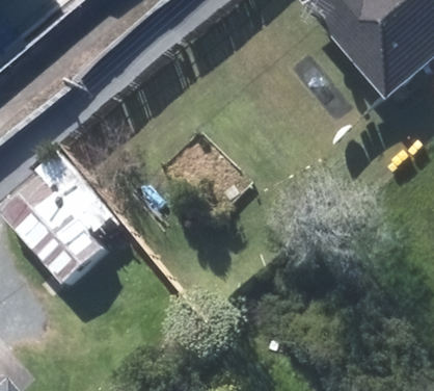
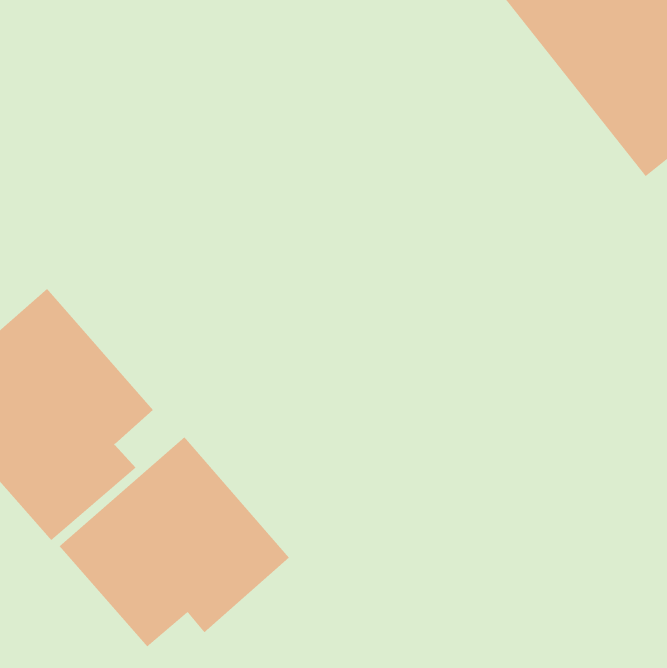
building: none -> [59,436,290,647]

